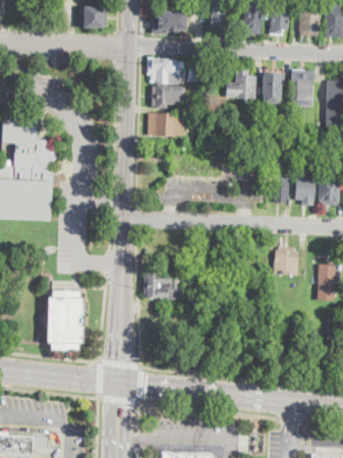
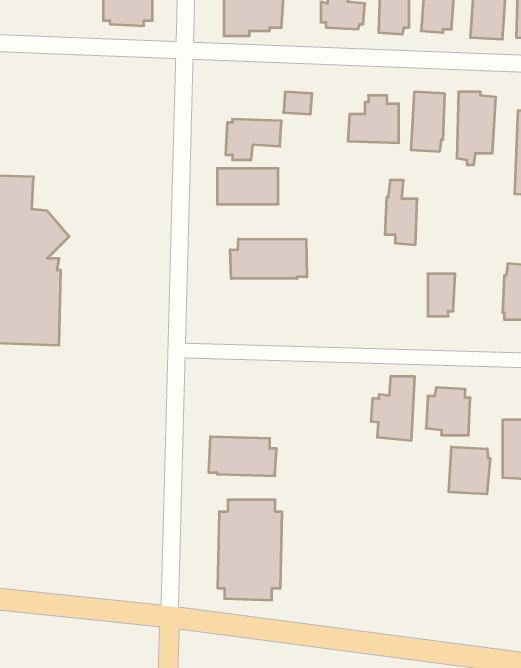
building: [147,58,183,83] -> none
building: none -> [230,239,307,279]
building: [294,168,313,207] -> [385,180,417,245]
building: none -> [371,376,414,441]
building: none -> [449,447,490,494]
building: [46,291,84,351] -> [218,500,282,600]

